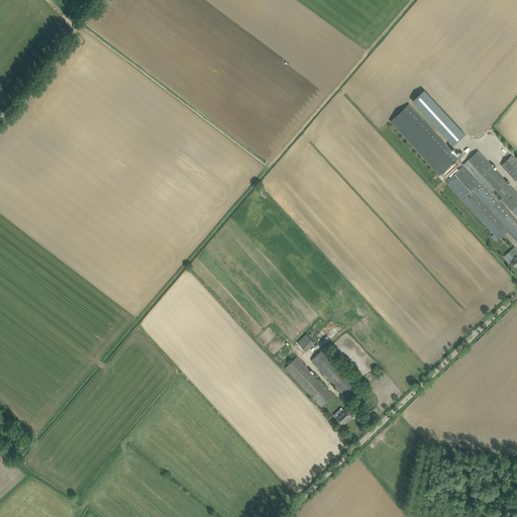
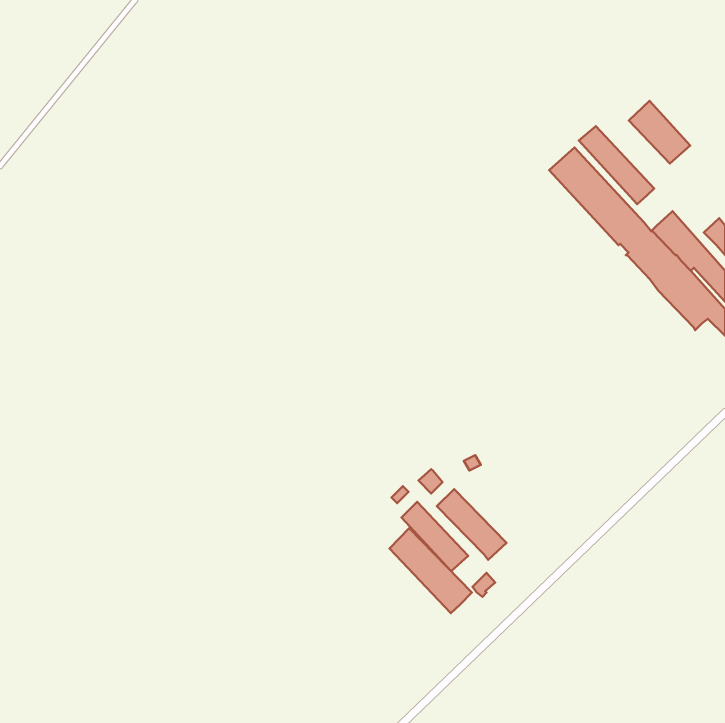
building: none -> [629,101,690,163]
building: none -> [390,528,472,613]

